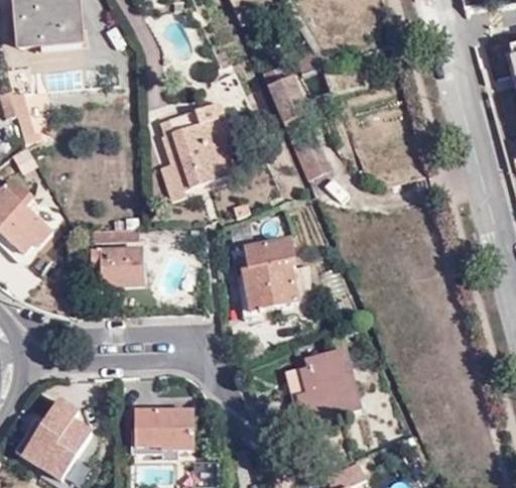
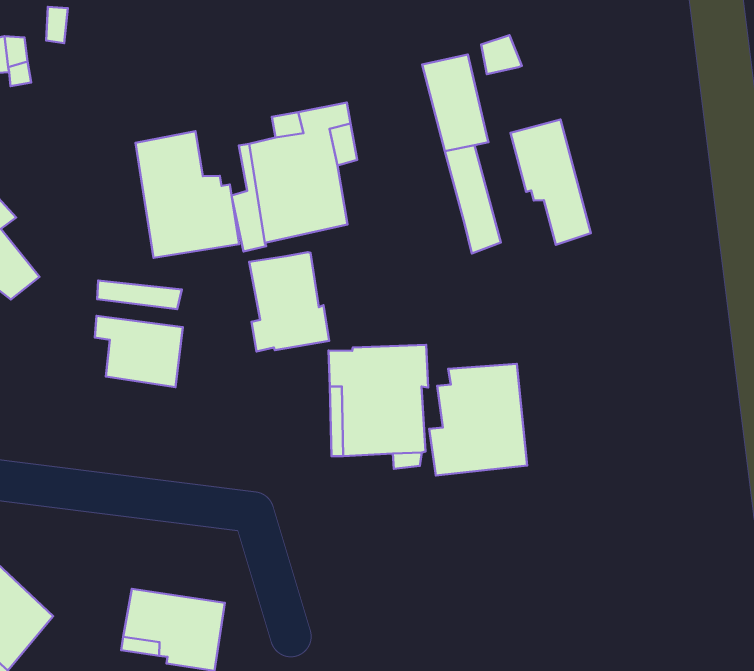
building: none -> [511,120,591,245]
building: none -> [135,131,239,258]
building: none -> [249,252,329,352]
building: [298,349,360,422] -> [429,364,527,476]

